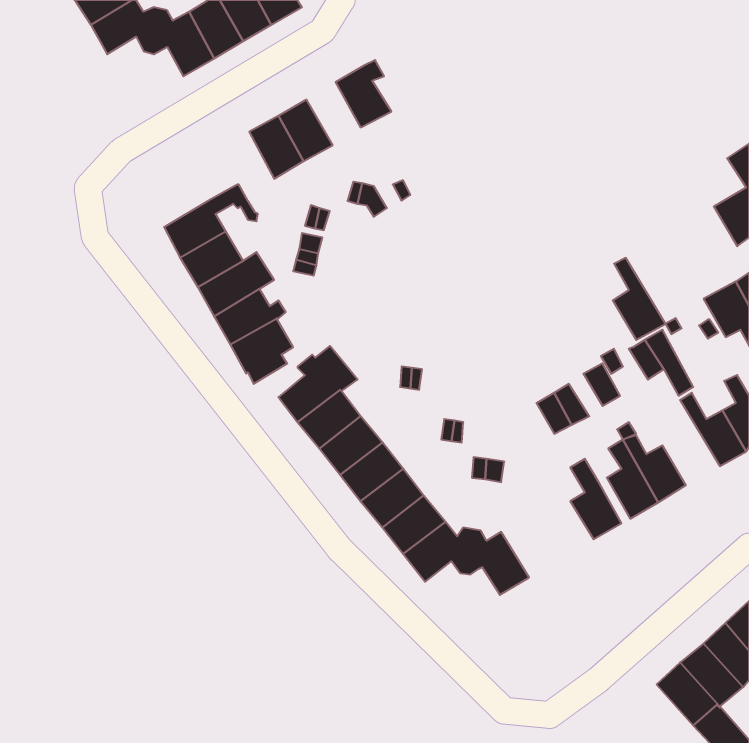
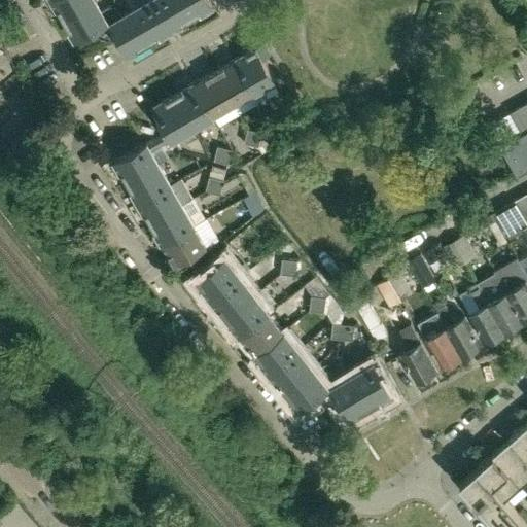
building: none -> [215,62,253,106]
building: none -> [153,97,192,145]
building: [613,258,665,340] -> [468,285,505,343]
building: none -> [352,365,392,410]

